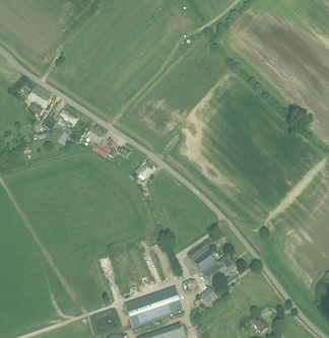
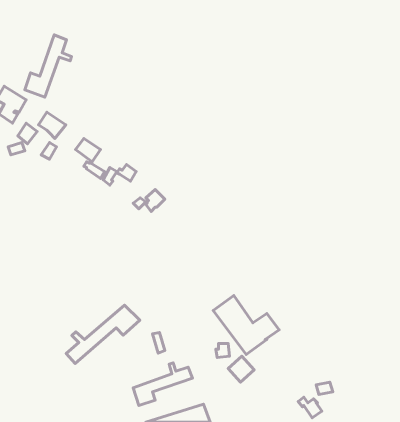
building: none -> [25,35,72,97]
building: none -> [66,305,140,364]

